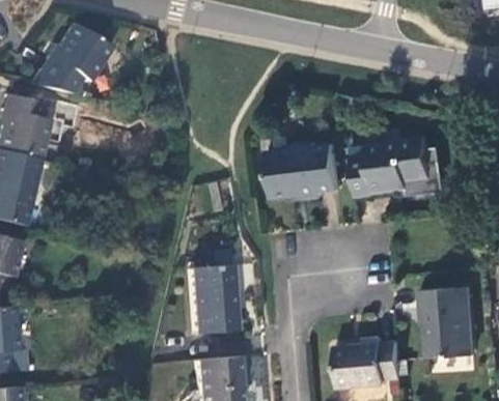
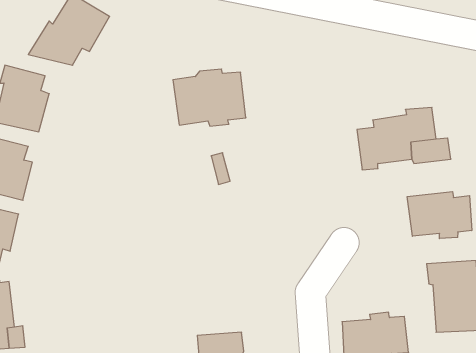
building: [269,141,340,197] -> [173,69,246,126]
building: none -> [407,192,472,239]
building: [189,264,235,333] -> none

